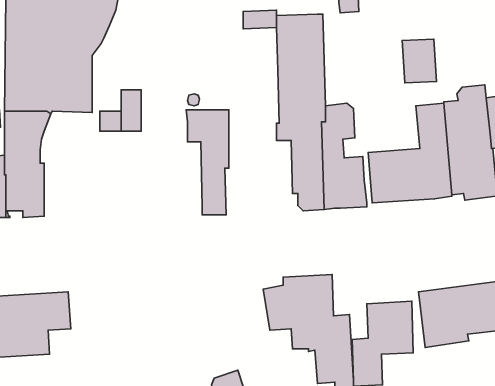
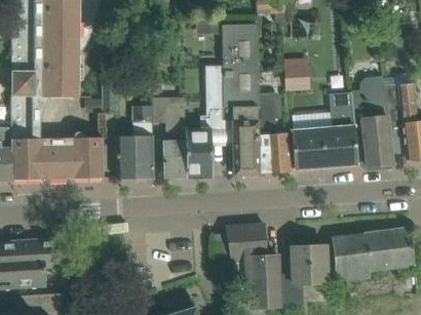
building: [402,39,437,83] -> [283,57,310,91]
building: none -> [205,67,224,108]
building: none -> [115,107,154,179]
building: none -> [182,116,213,179]
building: none -> [42,137,104,179]

